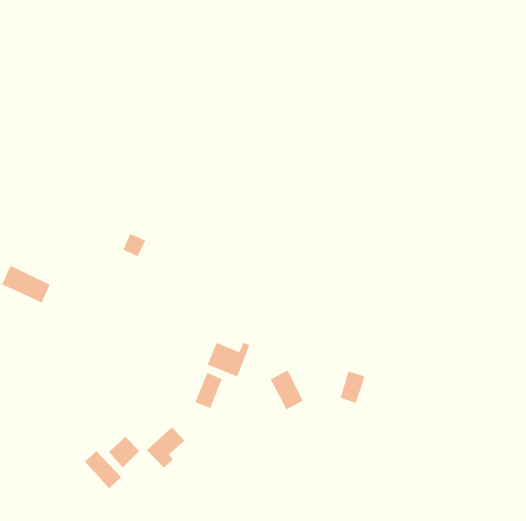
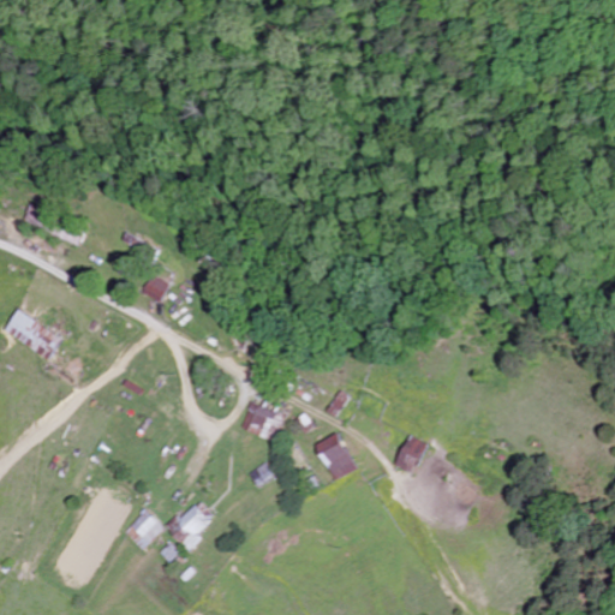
building: [194,372,222,409] -> none
building: [84,450,122,489] -> none

